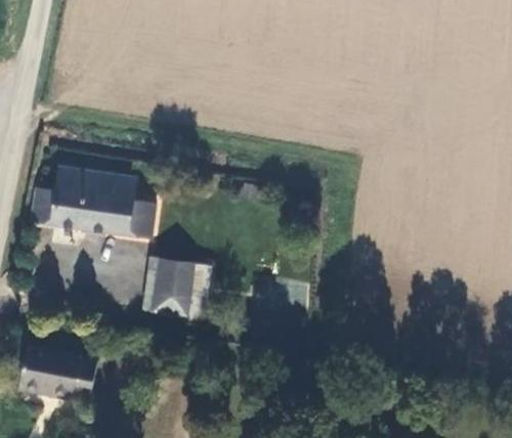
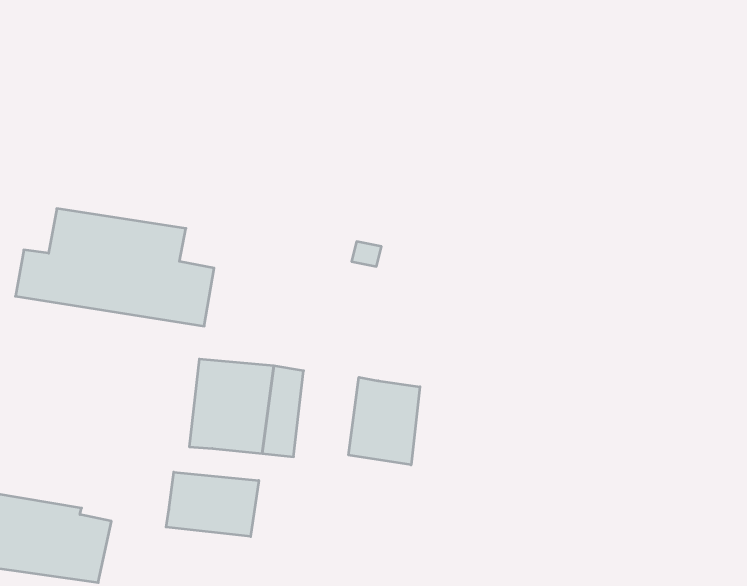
building: none -> [349,377,420,465]
building: none -> [166,472,259,537]

